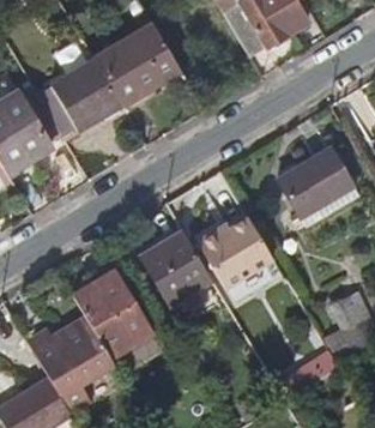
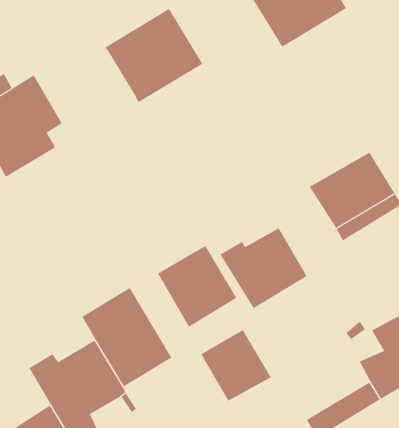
building: [40,59,126,137] -> none
building: none -> [201,329,271,402]

